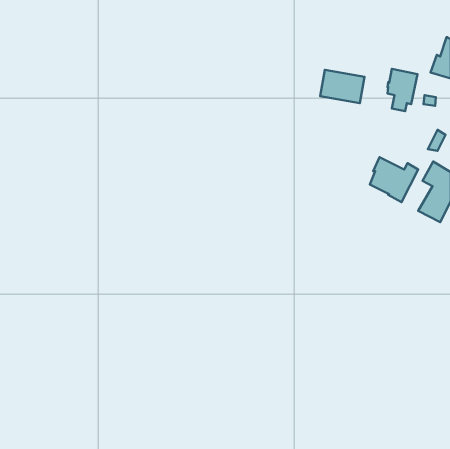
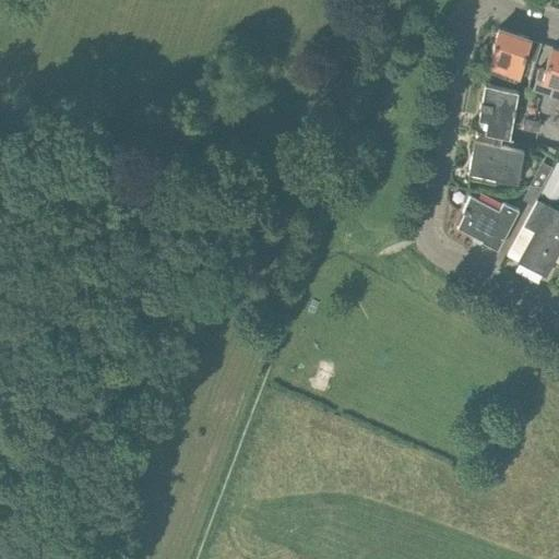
building: none -> [491,31,531,76]
building: [320,70,364,103] -> [469,143,524,185]

